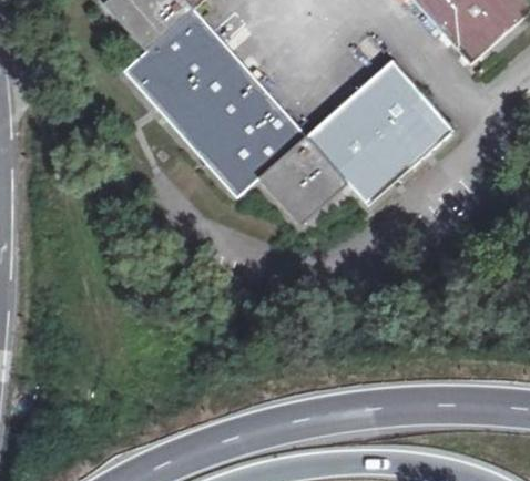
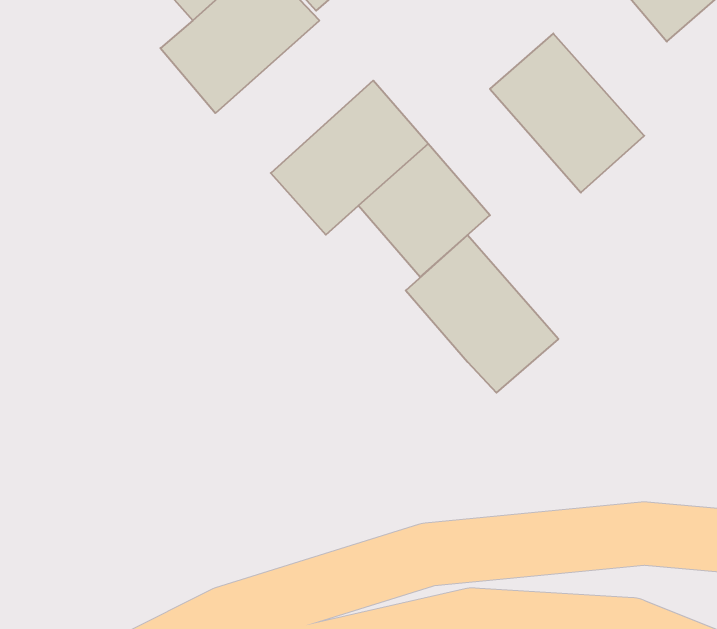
building: [161,49,268,153] -> none
building: [306,95,410,203] -> [406,235,558,393]

